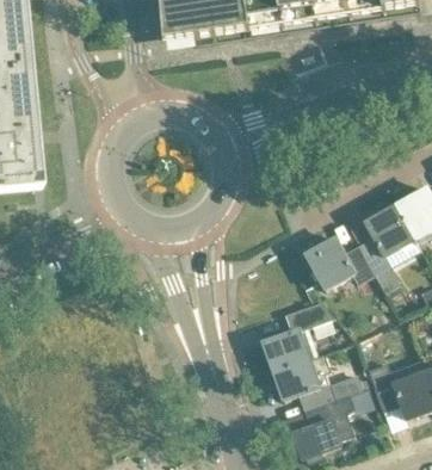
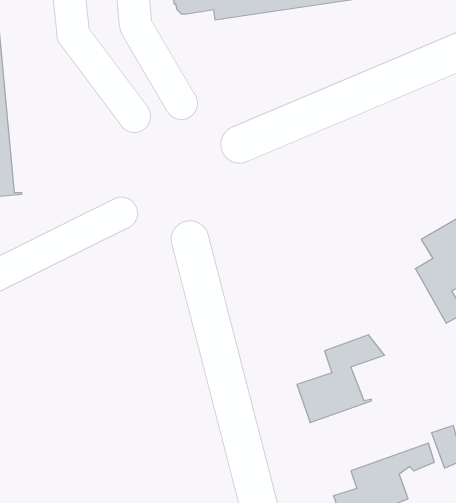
building: [307,236,385,291] -> none
building: [274,353,371,410] -> none

